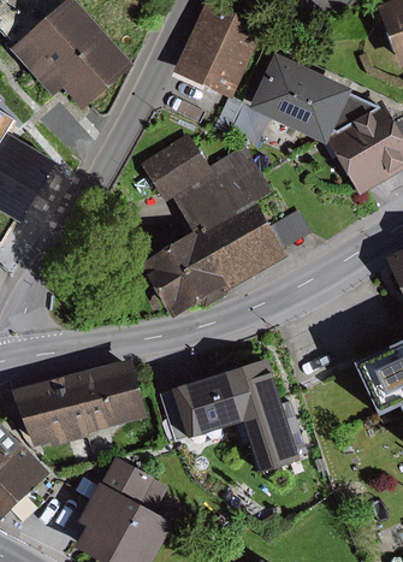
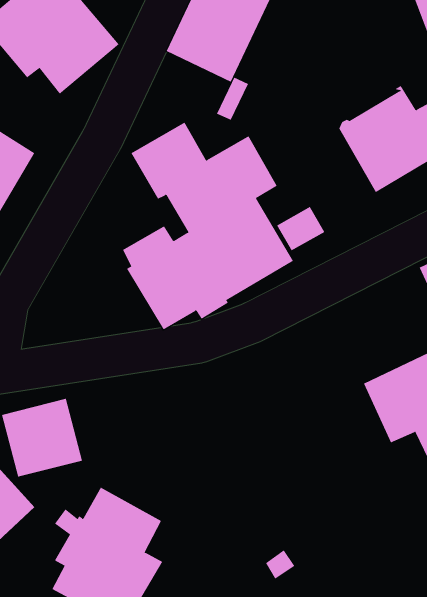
building: [244,51,378,143] -> none
building: [170,356,308,472] -> none
building: [83,363,153,432] -> none

